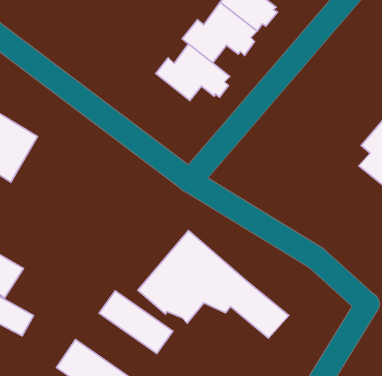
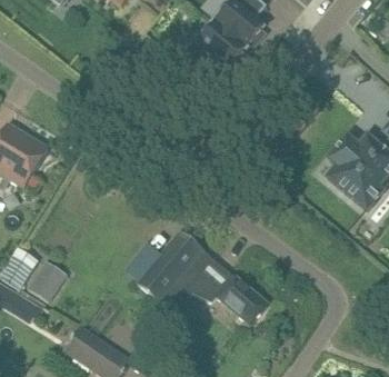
building: [156,44,230,100] -> none
building: none -> [27,259,67,300]
building: [99,291,173,353] -> none

